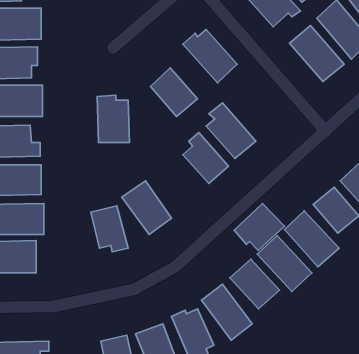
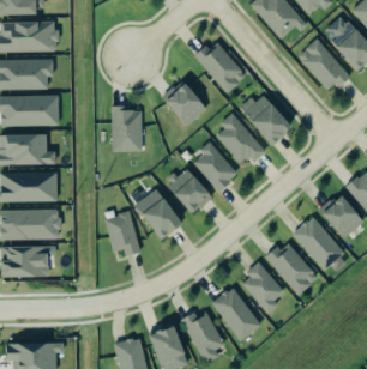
building: none -> [240,91,291,146]
building: none -> [168,168,211,214]
building: [234,204,284,250] -> none

